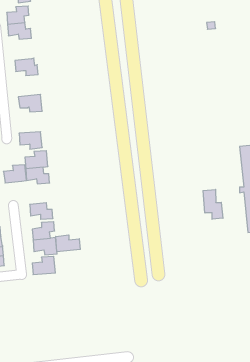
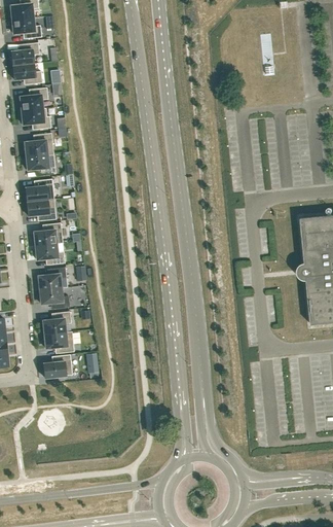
building: none -> [20,87,48,111]
building: none -> [25,134,53,156]
building: none -> [25,179,53,202]
building: [3,165,27,183] -> [38,268,67,290]
building: [203,189,223,219] -> none
building: [56,235,80,252] -> none

